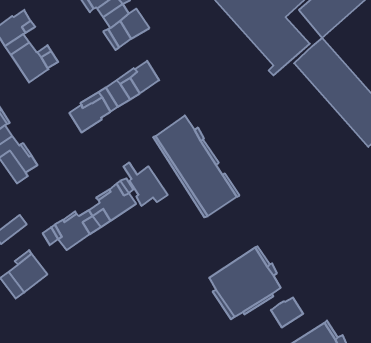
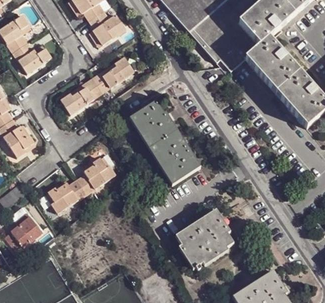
building: [123,162,168,206] -> none
building: [271,297,303,328] -> none

